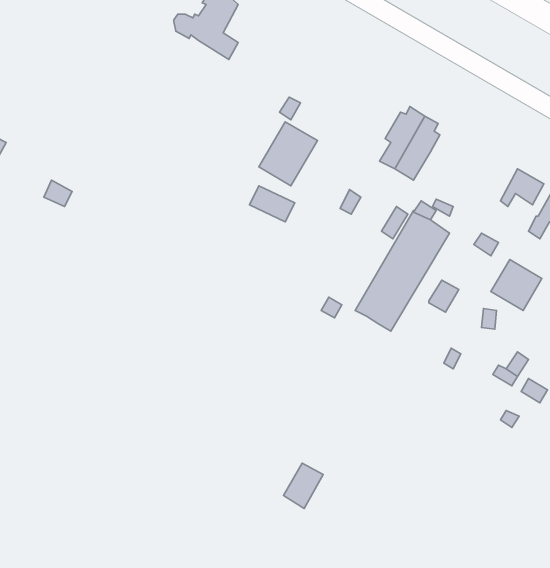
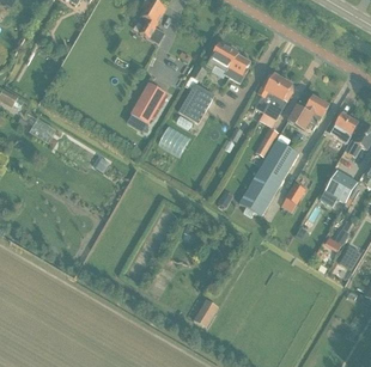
building: none -> [205,42,249,82]
building: none -> [130,82,165,123]
building: none -> [286,96,328,131]

